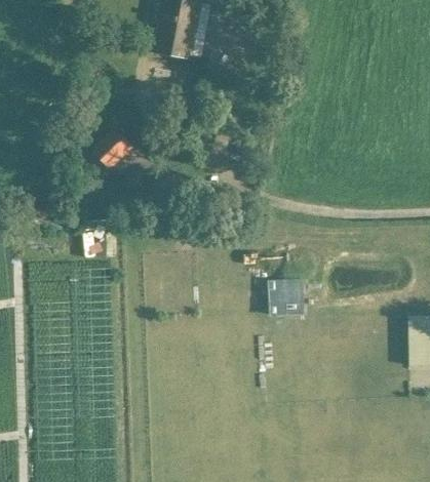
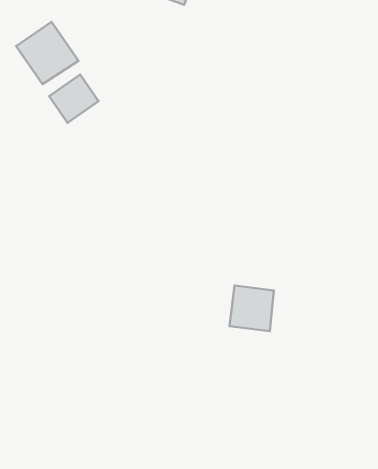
building: none -> [16,22,79,84]

